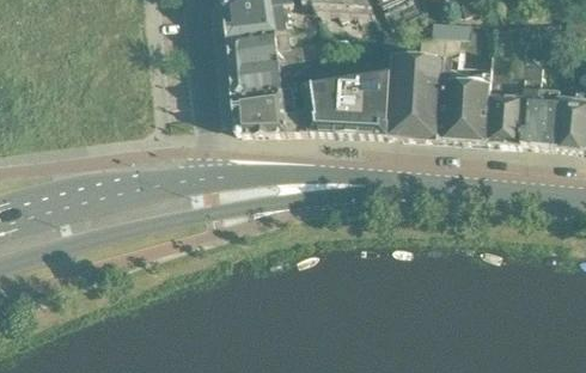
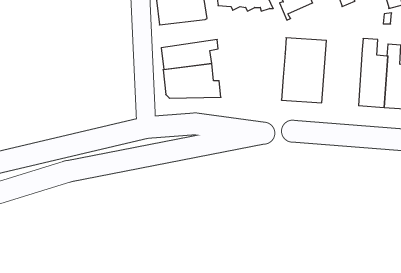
building: [227,31,303,68] -> none
building: [439,59,492,143] -> none
building: [305,75,391,136] -> none

